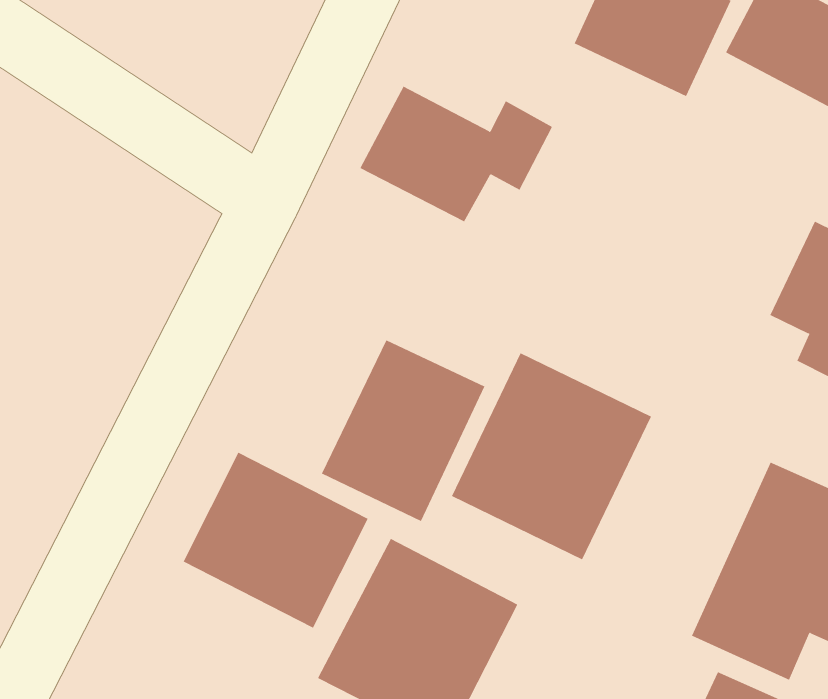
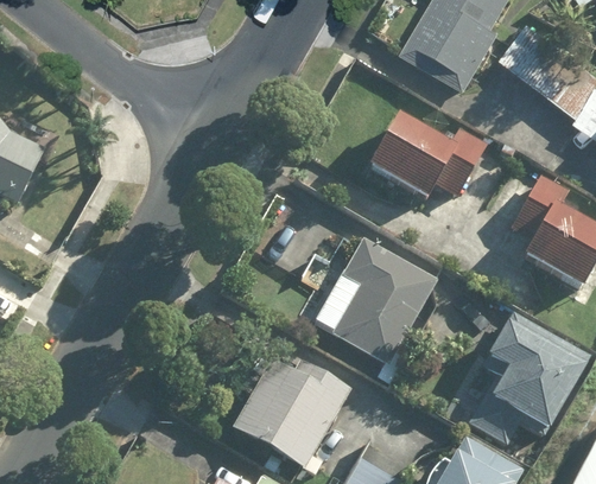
building: [359,86,553,222] -> [368,116,486,200]
building: [321,340,485,522] -> none
building: [183,452,369,628] -> none

